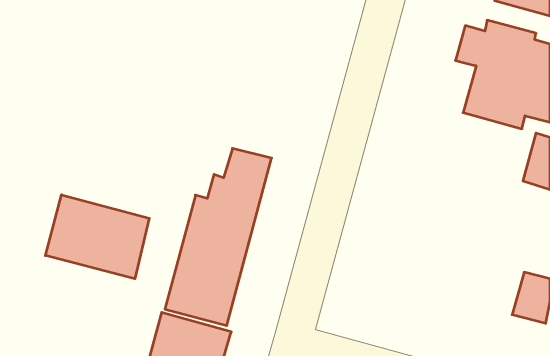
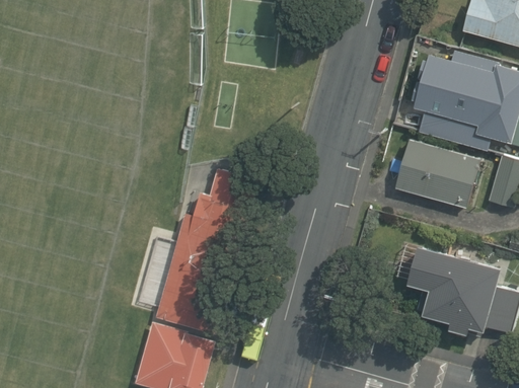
building: none -> [395,137,479,208]
building: [45,195,149,279] -> none
building: none -> [388,230,494,323]

